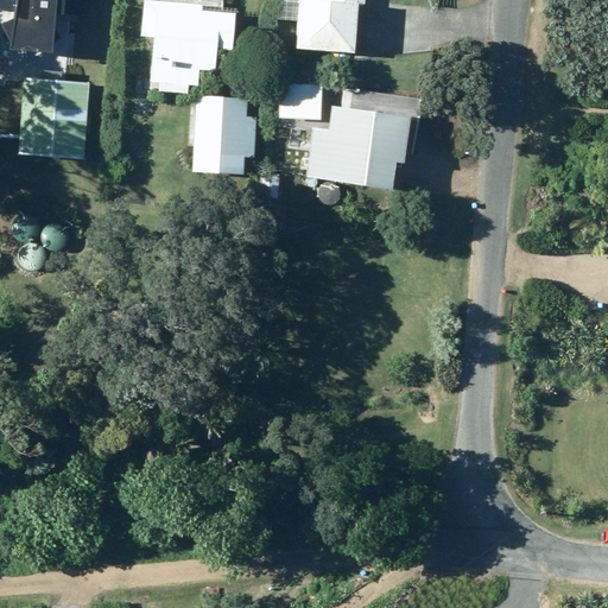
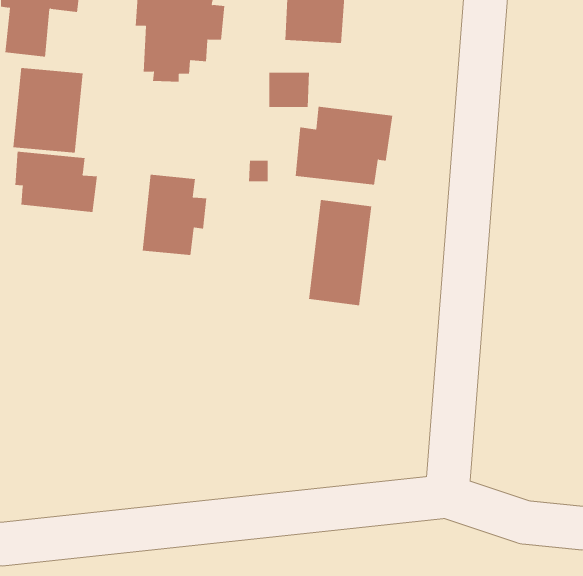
building: [189,94,256,178] -> [142,174,207,255]
building: none -> [15,151,98,213]
building: none -> [308,199,372,306]

